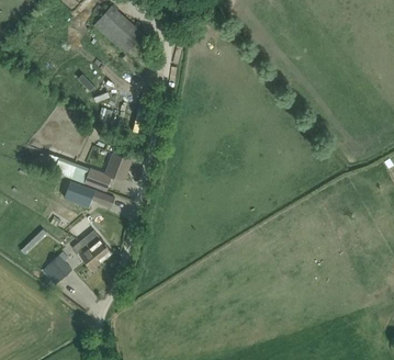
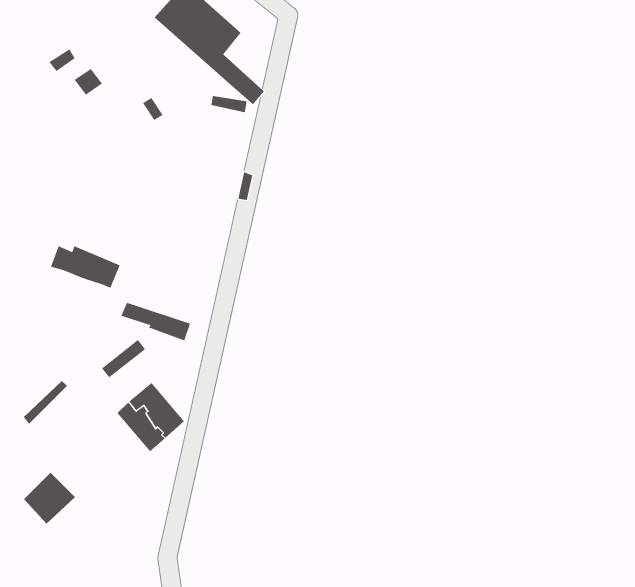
building: [85,153,131,190] -> none
building: [43,255,72,284] -> [23,472,76,525]

